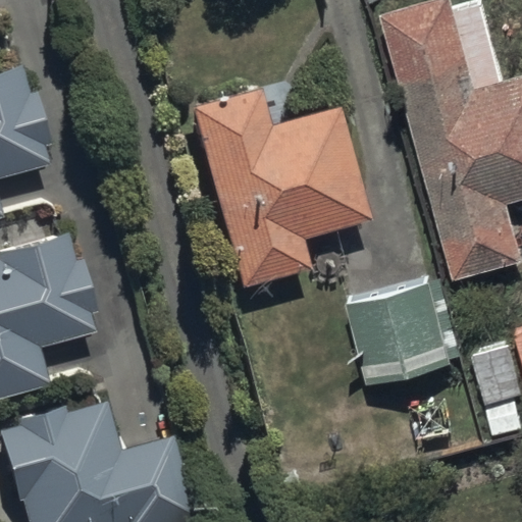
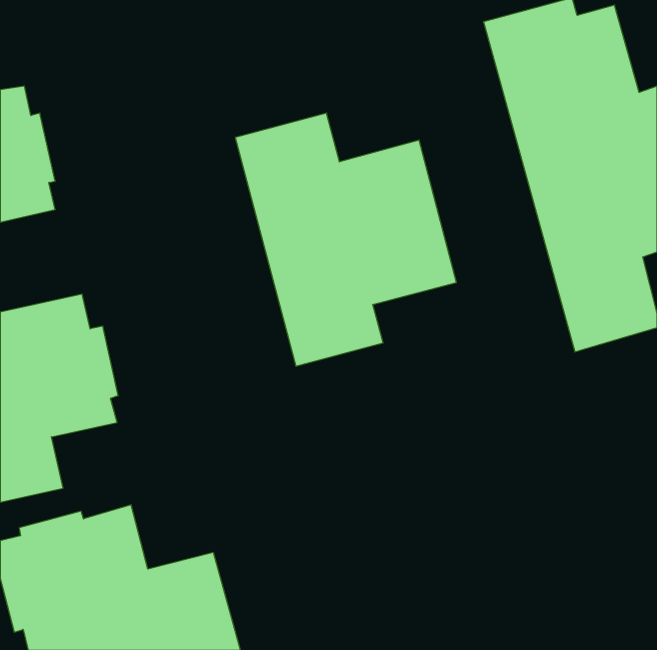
building: [348,280,451,382] -> none

